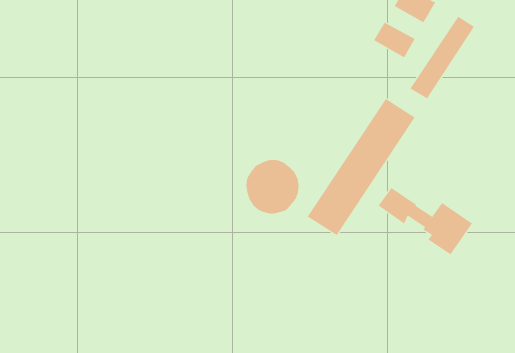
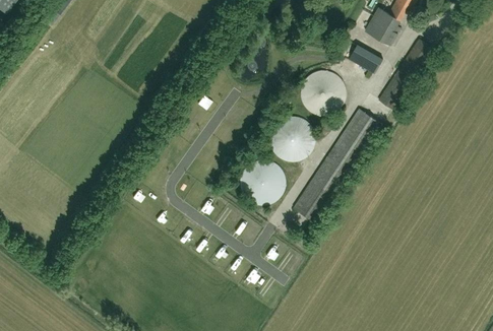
building: none -> [300,70,346,116]
building: none -> [269,116,315,161]
building: [378,187,473,255] -> none

